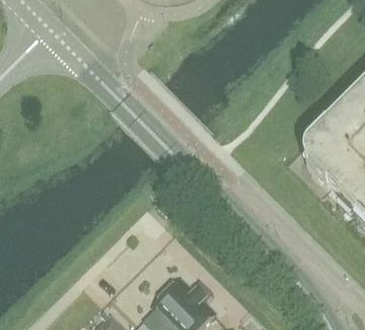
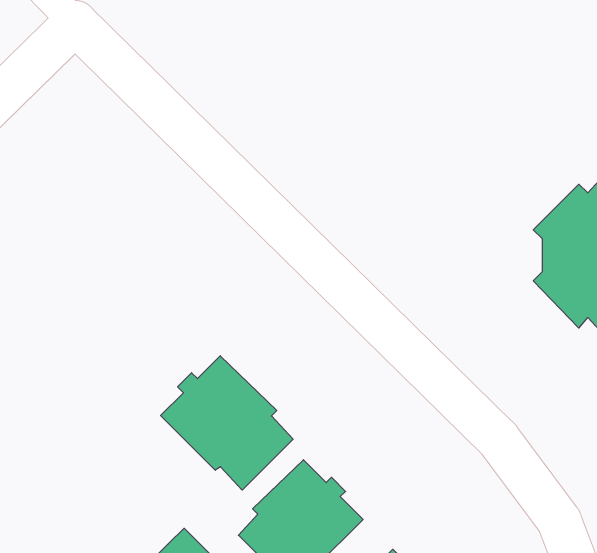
building: none -> [161,356,293,490]

